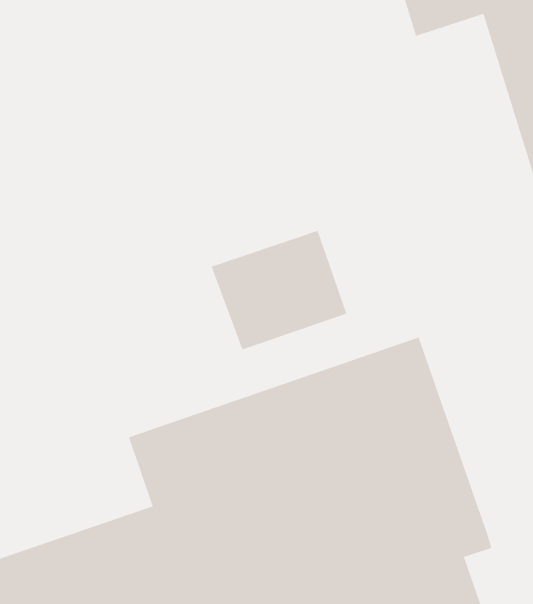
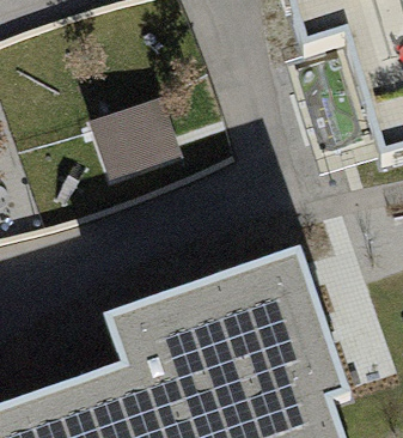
building: [211,230,347,350] -> [92,95,182,174]

